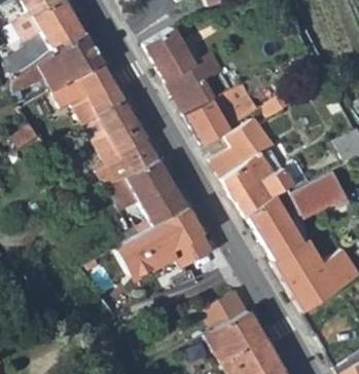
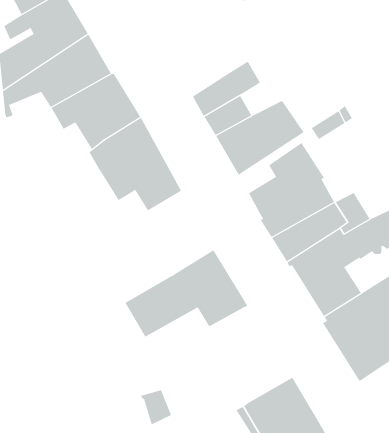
building: [144,29,195,83] -> none
building: [107,158,184,226] -> none
building: [201,290,248,329] -> none

